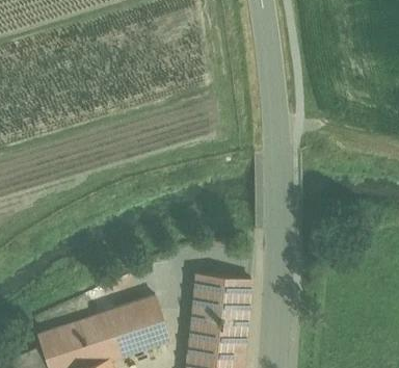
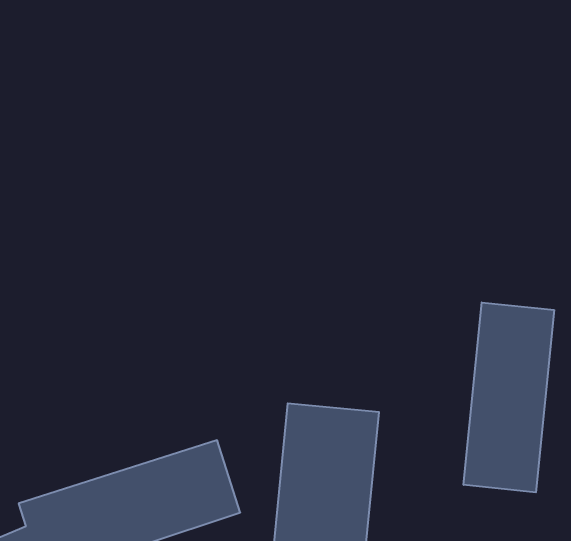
building: none -> [464,302,554,492]

